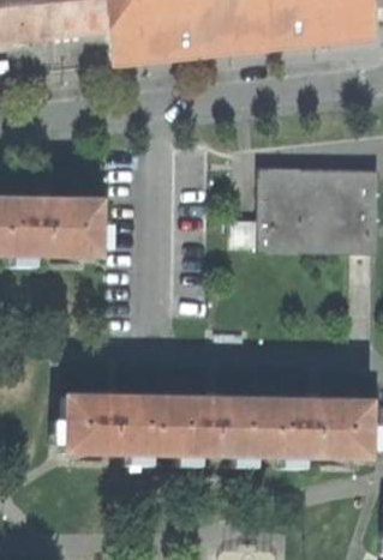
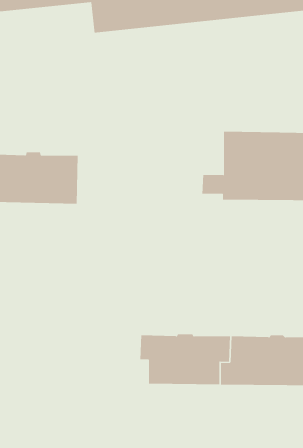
building: [66,396,178,452] -> none

